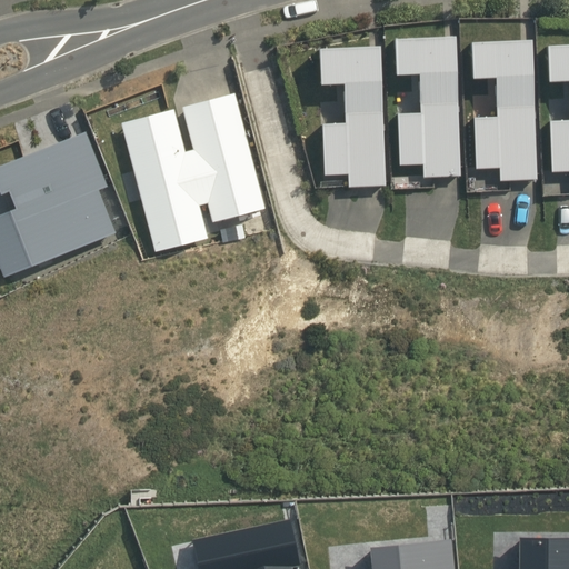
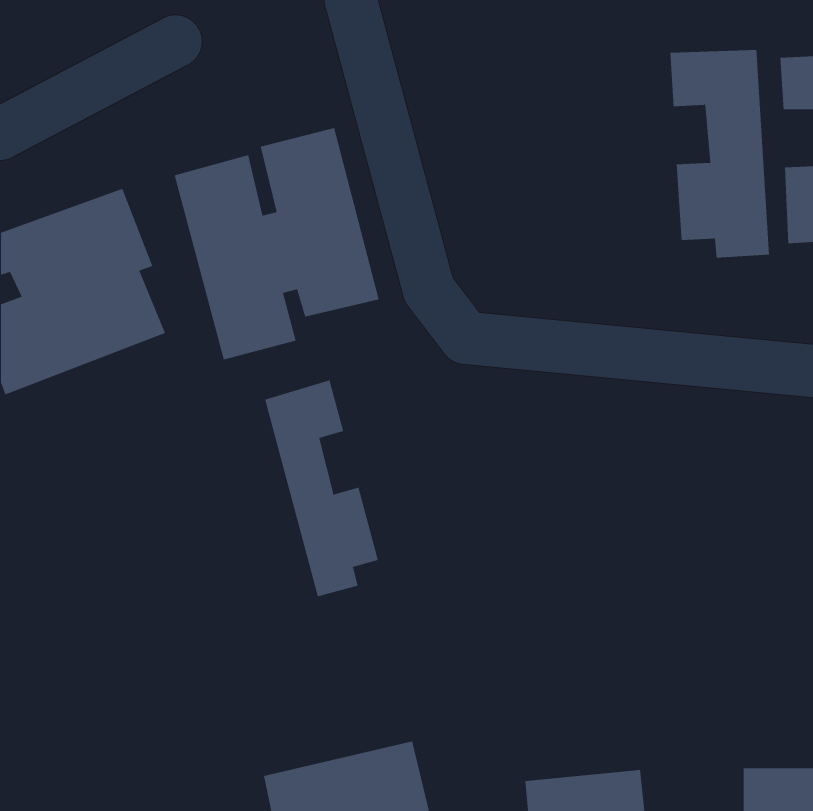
building: [392,34,460,179] -> none
building: [317,43,386,188] -> none
building: none -> [264,379,379,597]

